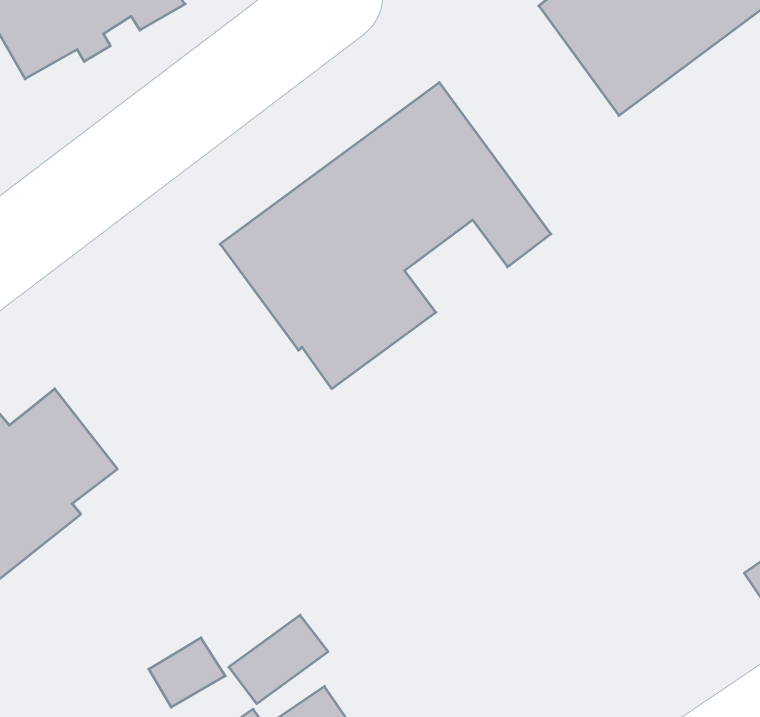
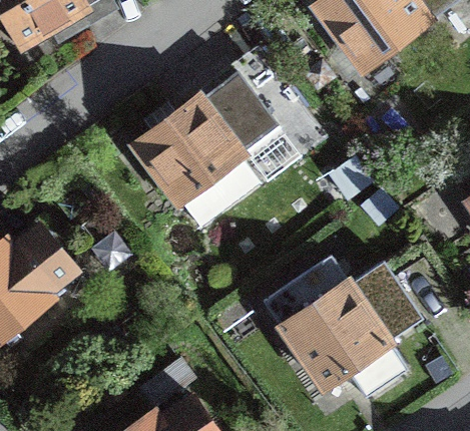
building: none -> [262,256,421,396]

